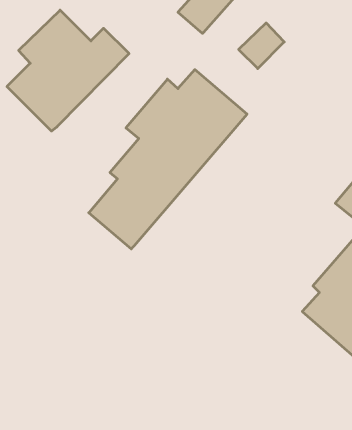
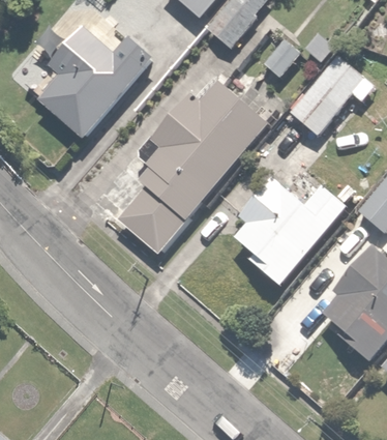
building: none -> [289,70,347,131]
building: none -> [236,175,350,287]

